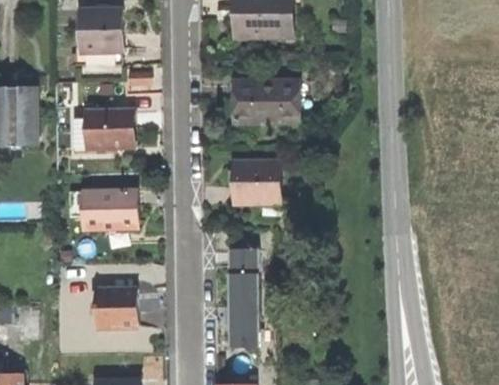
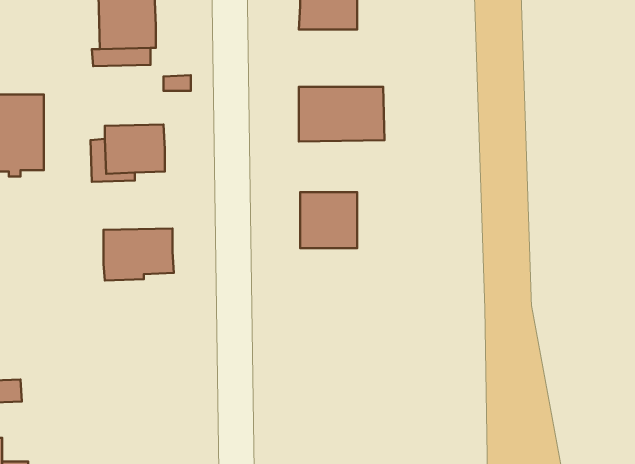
building: [227,249,259,347] -> none
building: [95,289,137,329] -> none

